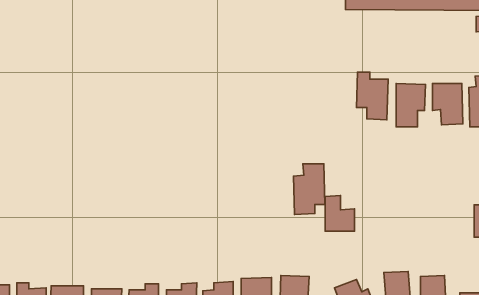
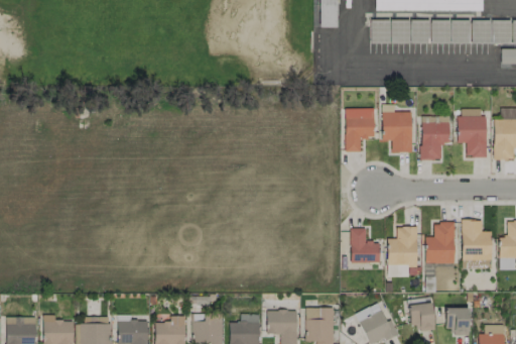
building: none -> [346,108,375,152]
building: [294,164,325,215] -> [387,227,418,277]
building: none -> [462,220,492,268]
building: none -> [425,223,456,263]

